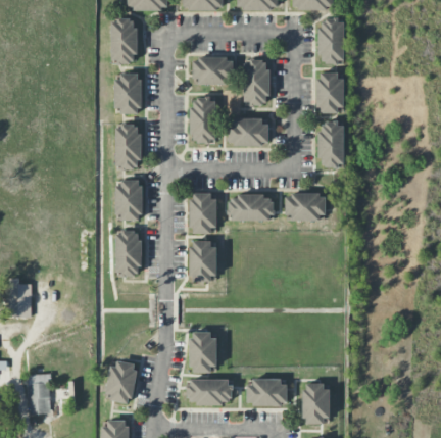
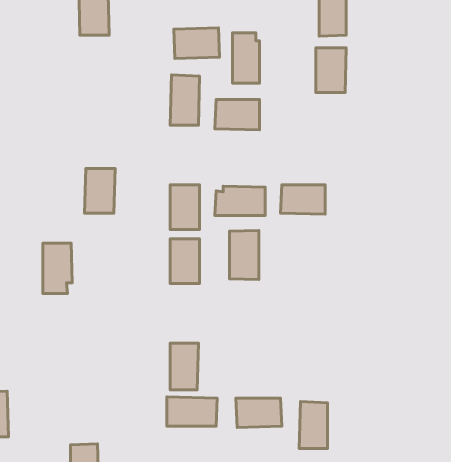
building: [115,74,140,112] -> none
building: [317,123,343,167] -> none
building: [114,125,140,169] -> none
building: [115,232,141,276] -> [43,243,72,293]
building: none -> [230,231,259,280]
building: [104,359,137,402] -> none

